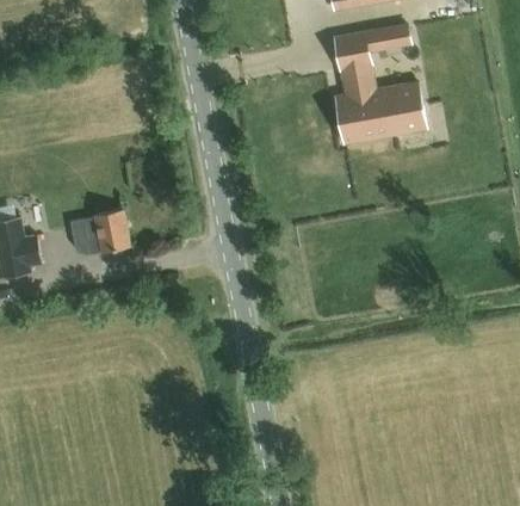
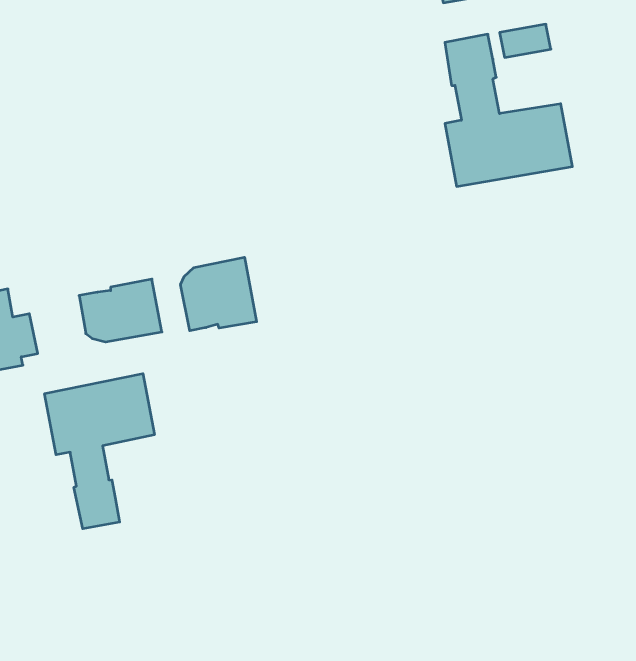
building: none -> [181,257,257,331]
building: none -> [45,374,154,529]

